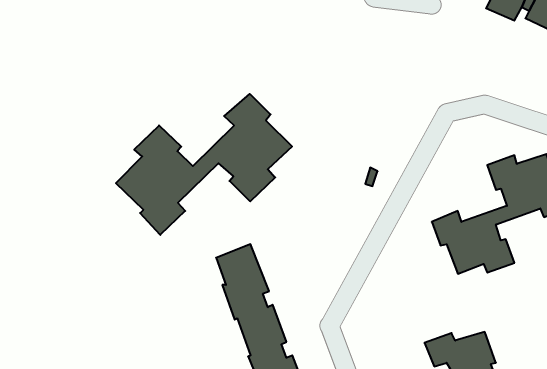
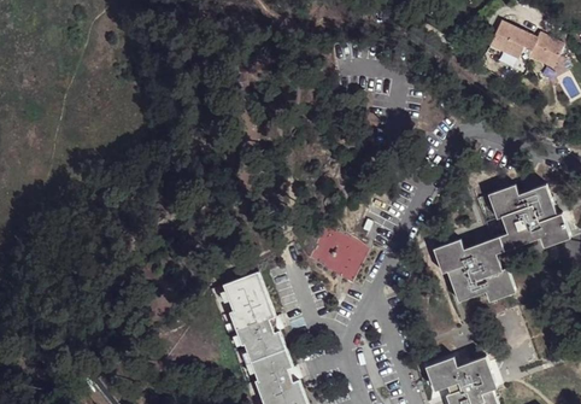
building: [116,94,292,235] -> none
building: none -> [309,228,366,280]

